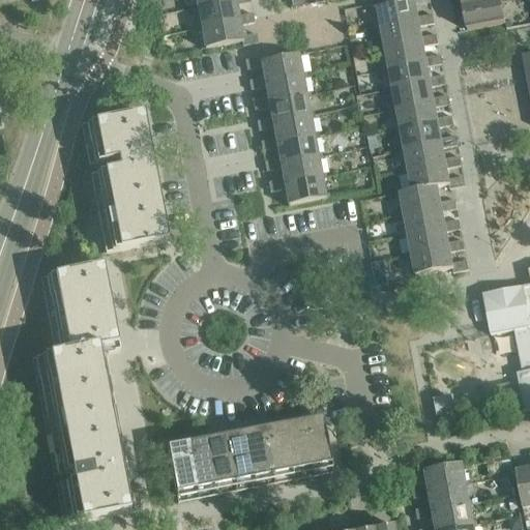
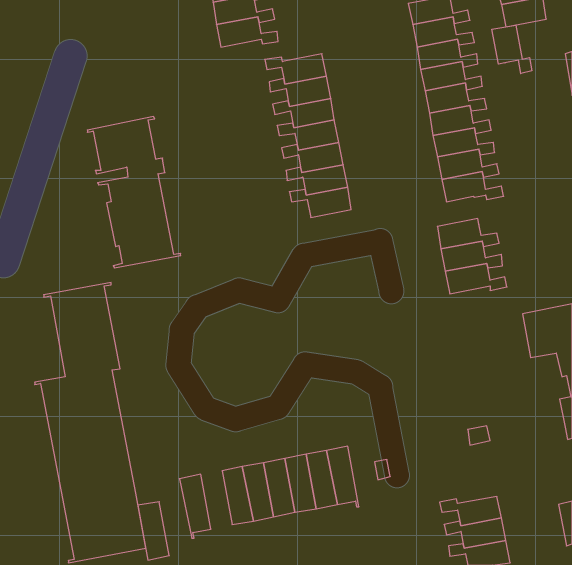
building: none -> [492,25,532,74]
building: [400,181,457,209] -> none
building: [185,435,214,489] -> [138,502,169,560]

